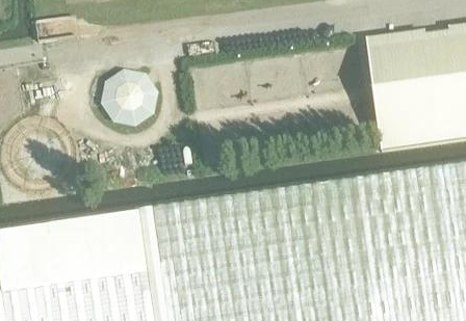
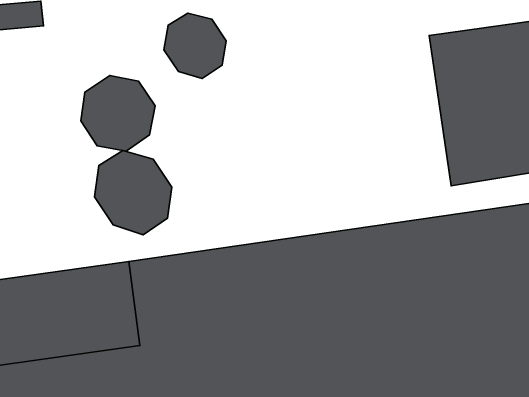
building: none -> [164,13,226,79]
building: none -> [95,151,172,235]

